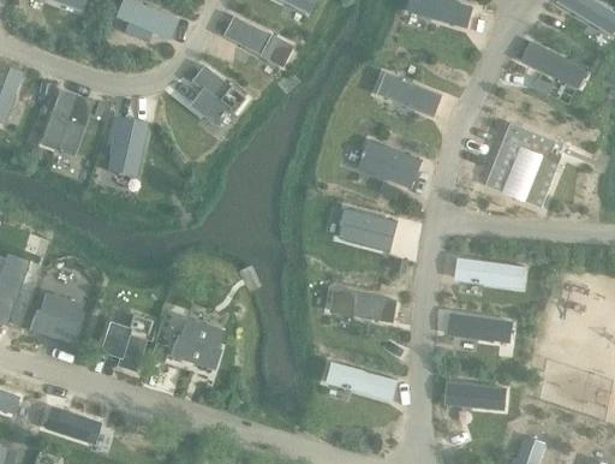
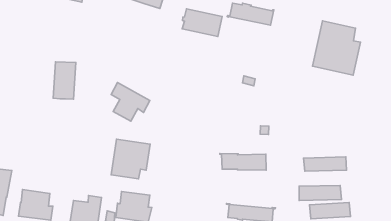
building: [190,64,245,123] -> [111,82,150,121]
building: [41,91,90,155] -> none
building: [360,139,420,186] -> [182,9,222,36]
building: [339,208,398,250] -> none
building: none -> [111,139,150,179]
building: [459,257,521,286] -> [299,185,342,201]

